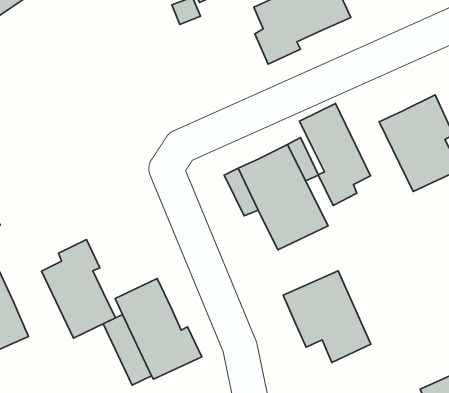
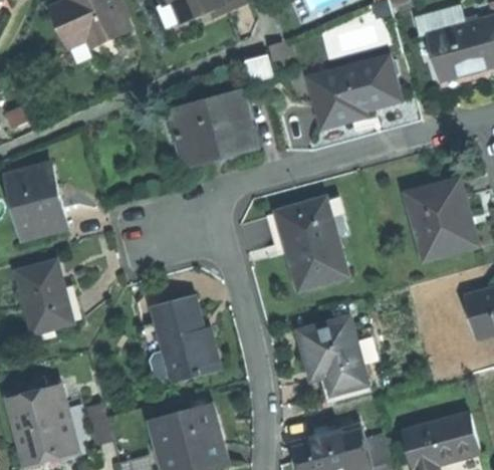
building: none -> [176,93,253,165]
building: [299,103,371,205] -> none
building: [42,239,115,338] -> none

